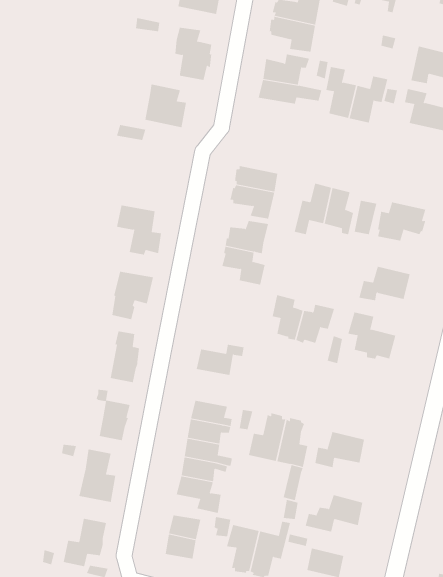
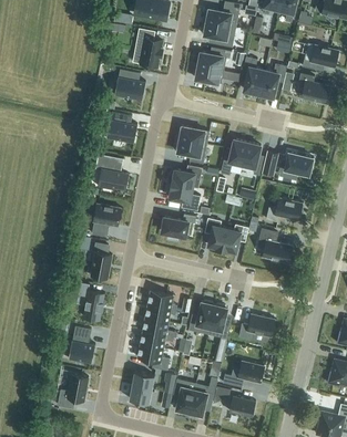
building: none -> [105,112,136,142]
building: [196,344,244,375] -> [161,214,195,236]

